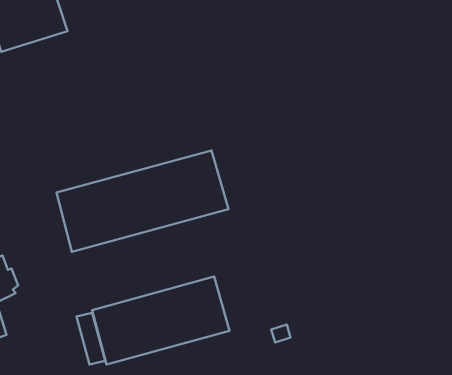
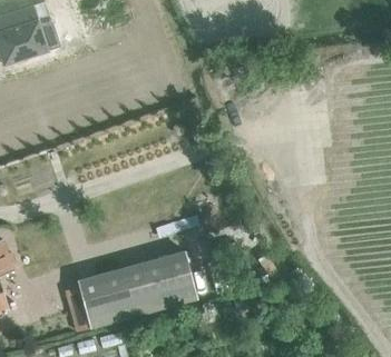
building: [57,151,228,252] -> none

